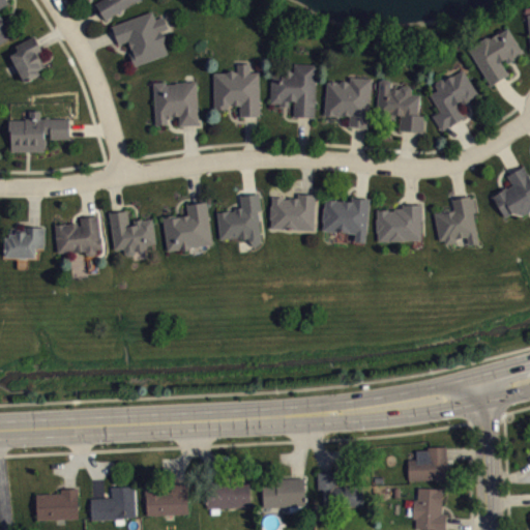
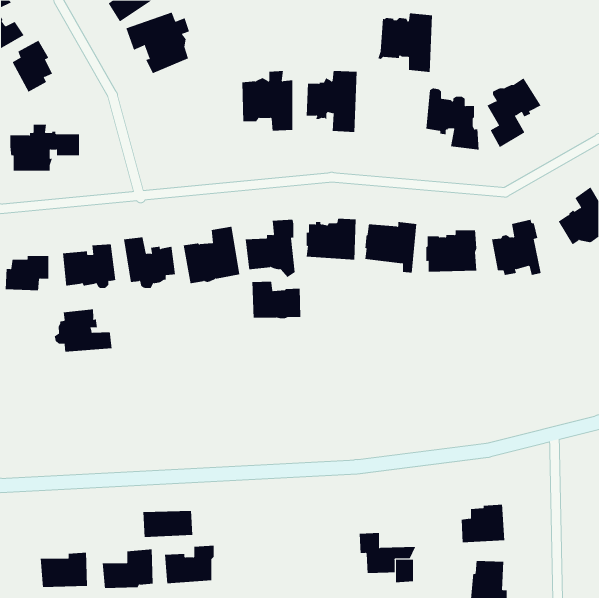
building: [468,28,523,85] -> none
building: [322,77,371,129] -> [378,13,433,72]
building: [153,82,198,126] -> none
building: none -> [252,281,301,319]
building: none -> [54,309,112,353]
building: [262,477,304,507] -> none
building: [206,484,251,508] -> [143,511,193,538]

